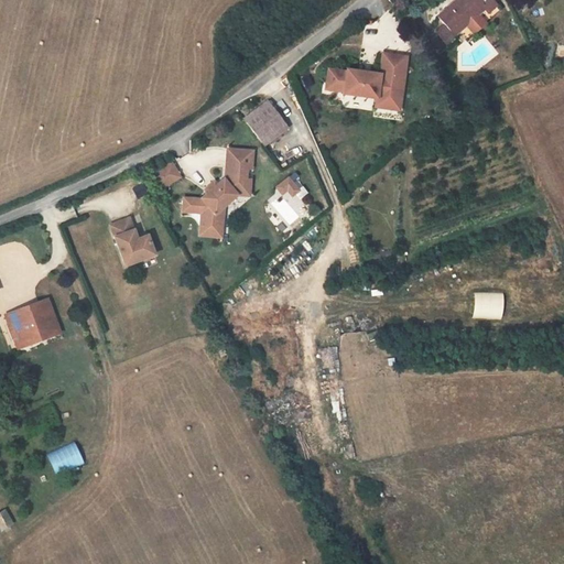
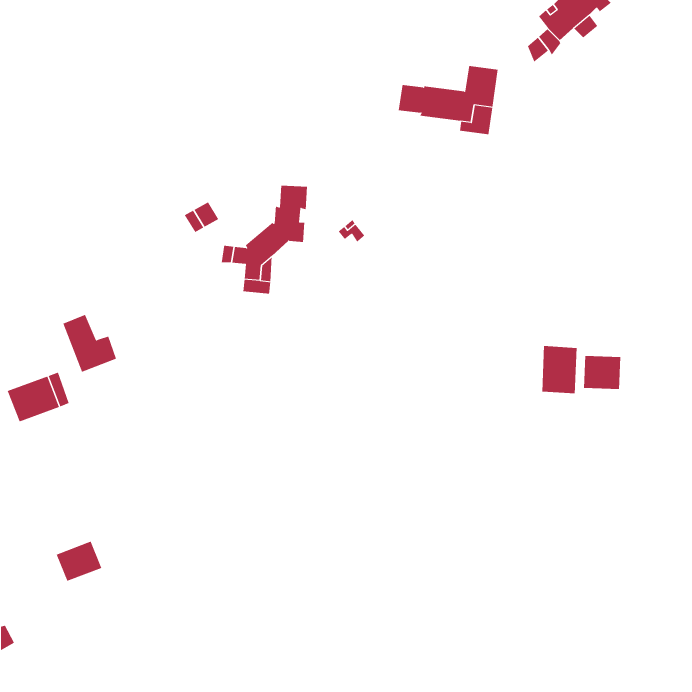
building: [243,99,288,145] -> none
building: [110,219,154,267] -> [63,314,117,373]
building: none -> [542,345,577,394]

